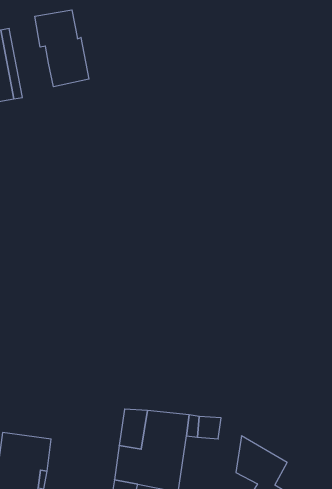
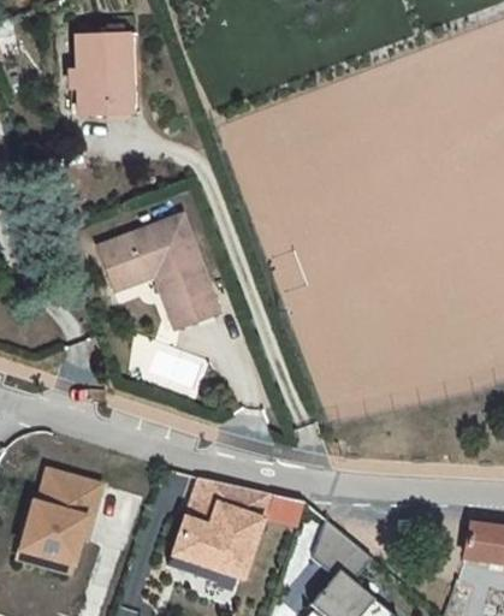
building: [35,10,89,87] -> none
building: none -> [99,215,221,324]

